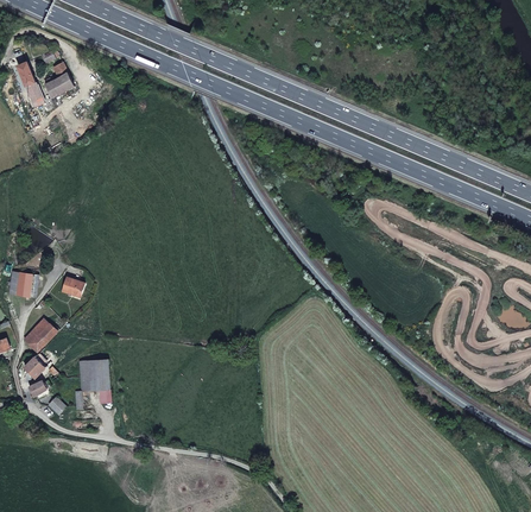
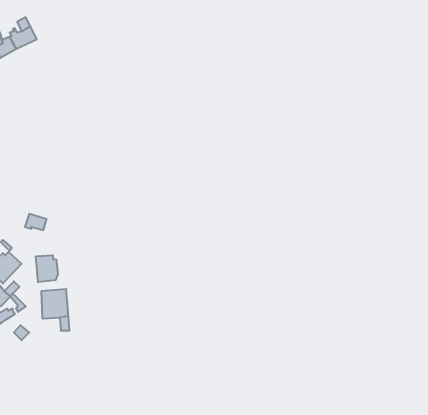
building: none -> [36,255,58,282]

